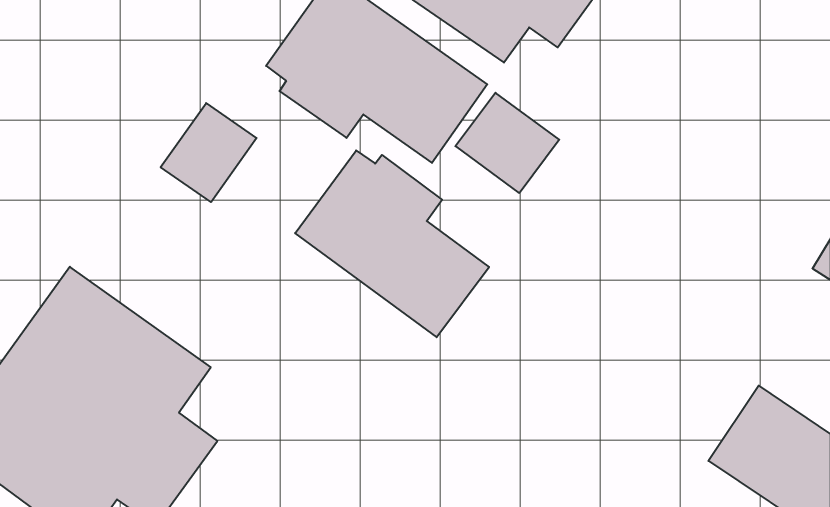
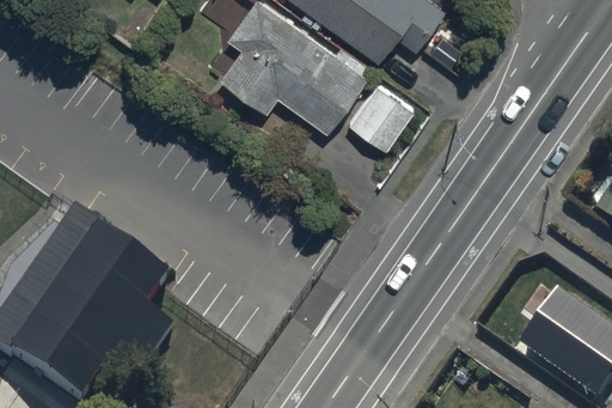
building: [161,103,257,202] -> none
building: [295,150,489,337] -> none

